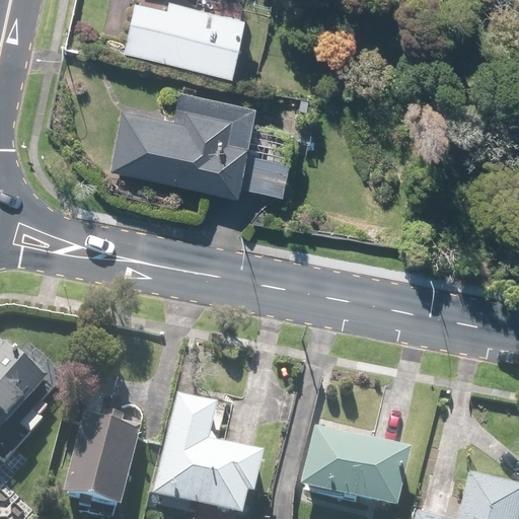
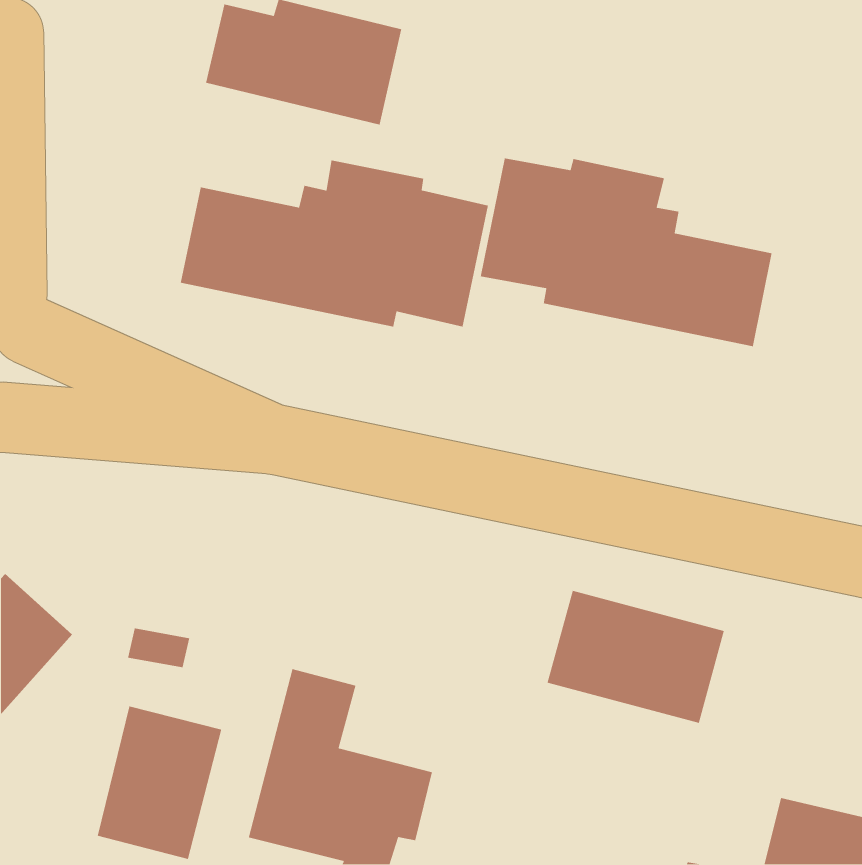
building: none -> [480,158,773,347]
building: [301,433,407,513] -> [547,590,725,724]

